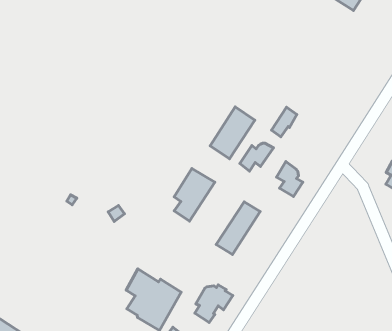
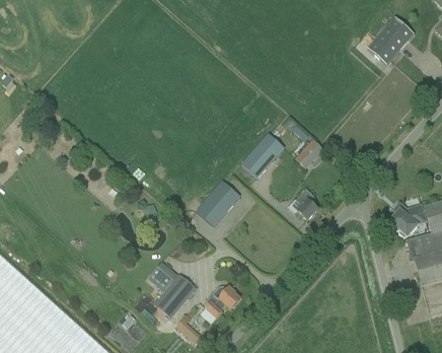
building: [240,143,273,171] -> none
building: [216,202,260,254] -> none

